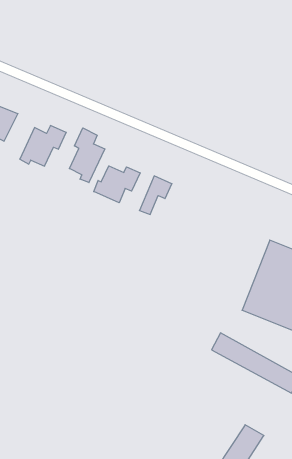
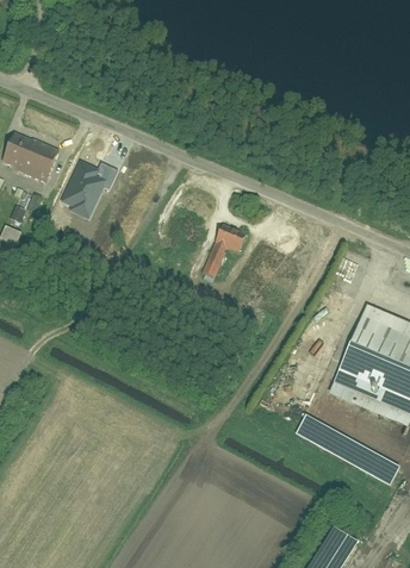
building: [69,128,105,183] -> none
building: [94,166,140,203] -> none

